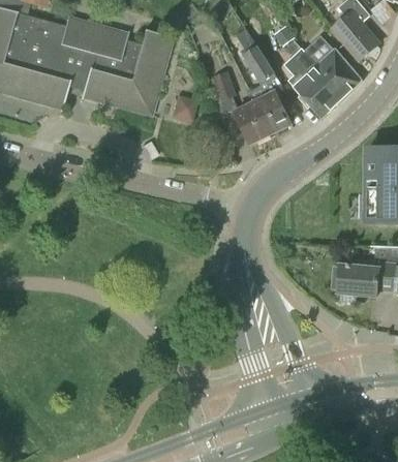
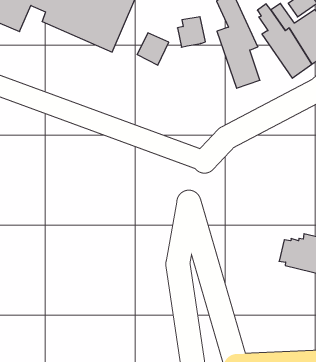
building: [233,83,271,144] -> none

